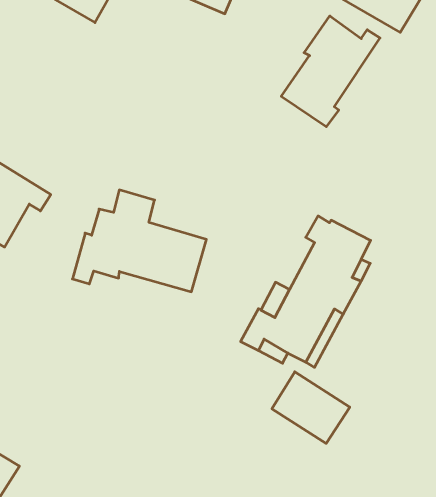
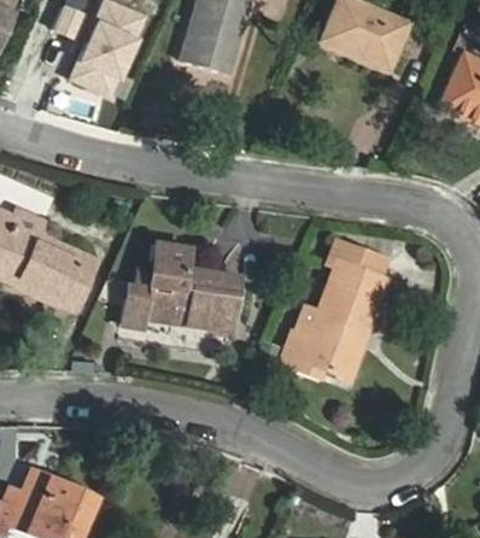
building: [281,16,380,127] -> none
building: [272,372,350,443] -> none

